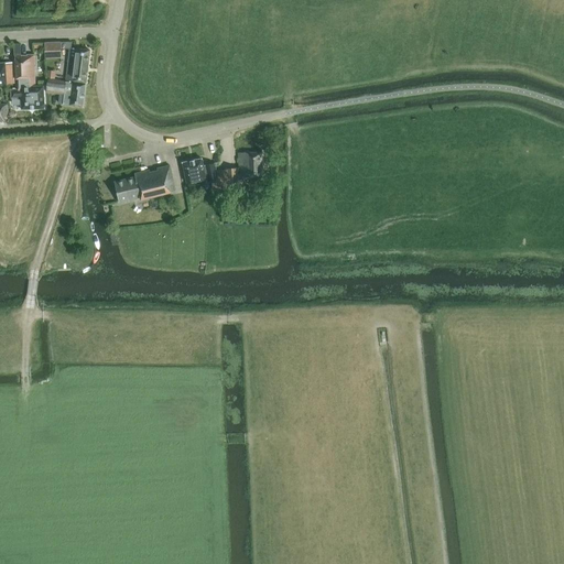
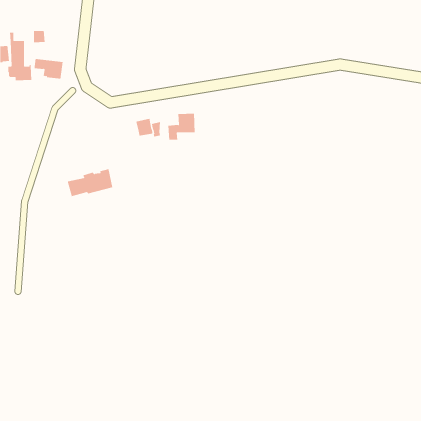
building: [65,47,88,82] -> none
building: [112,164,174,202] -> [67,169,113,197]

